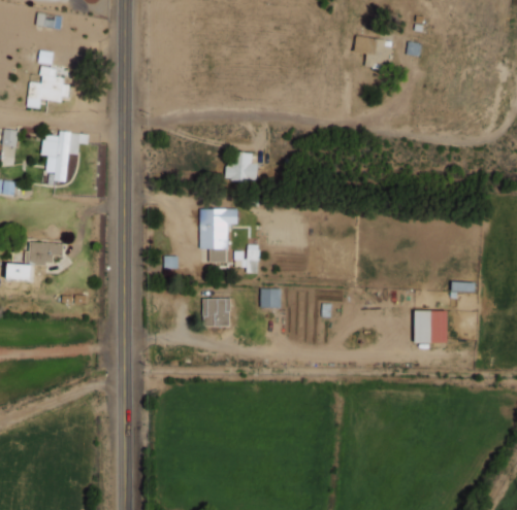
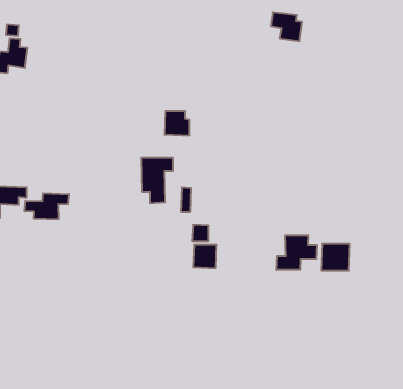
building: [41,132,89,182] -> none
building: none -> [24,193,69,219]
building: [202,299,230,327] -> [193,245,217,268]
building: none -> [276,235,317,270]

